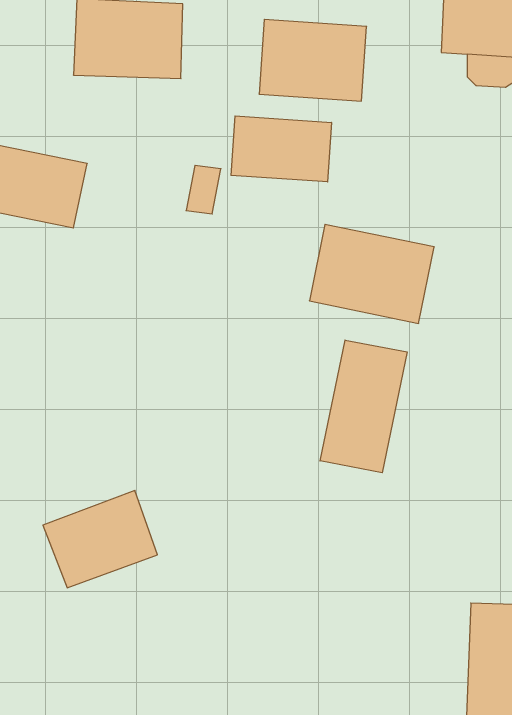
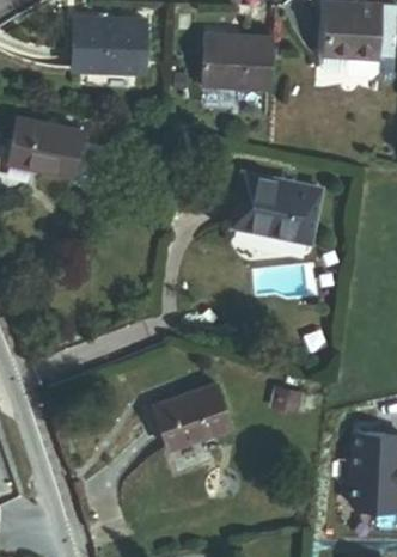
building: [231,116,331,182] -> none
building: [320,340,407,473] -> none
building: [43,490,157,588] -> [155,381,234,448]

